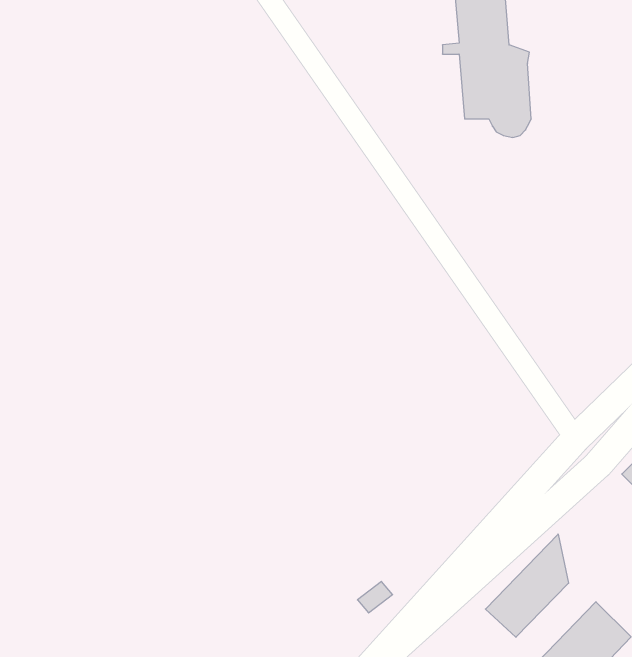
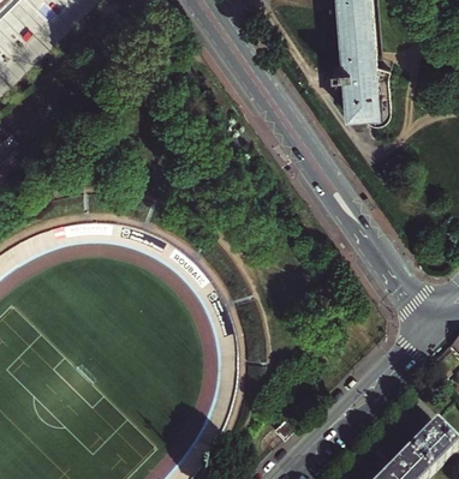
building: [485,534,569,637] -> none

